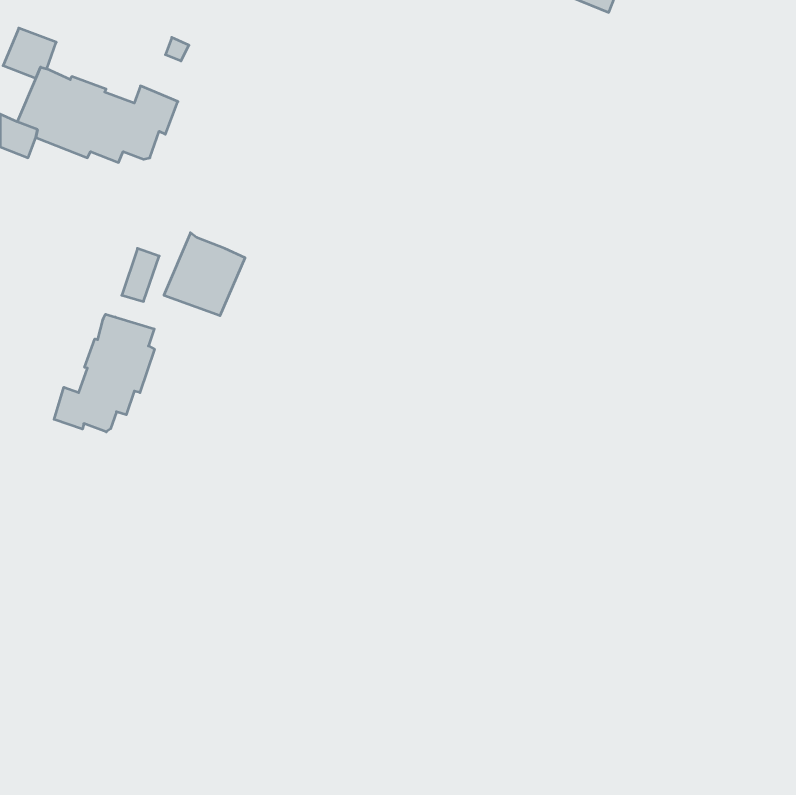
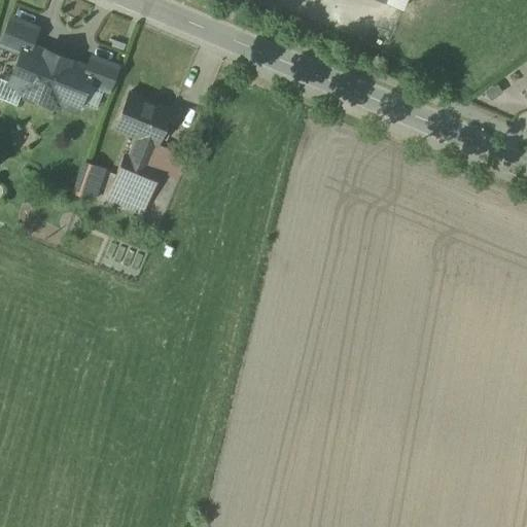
building: none -> [116,93,174,164]
building: [54,314,154,432] -> none

